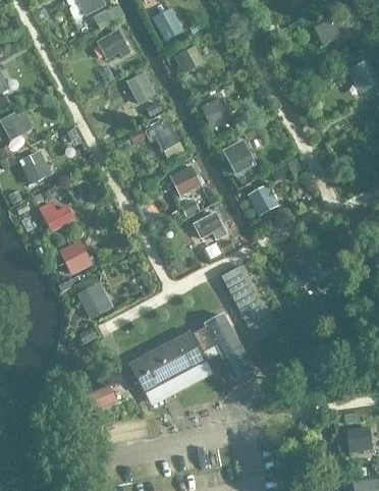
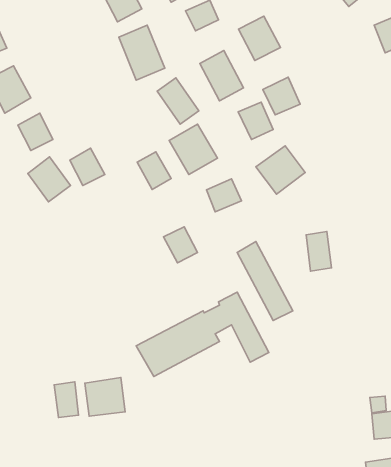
building: none -> [238,16,280,60]
building: none -> [263,77,300,115]
building: none -> [137,152,171,190]
building: [60,239,93,274] -> [70,148,105,186]
building: none -> [164,227,197,263]
building: [77,281,113,318] -> none
building: none -> [54,382,78,418]

